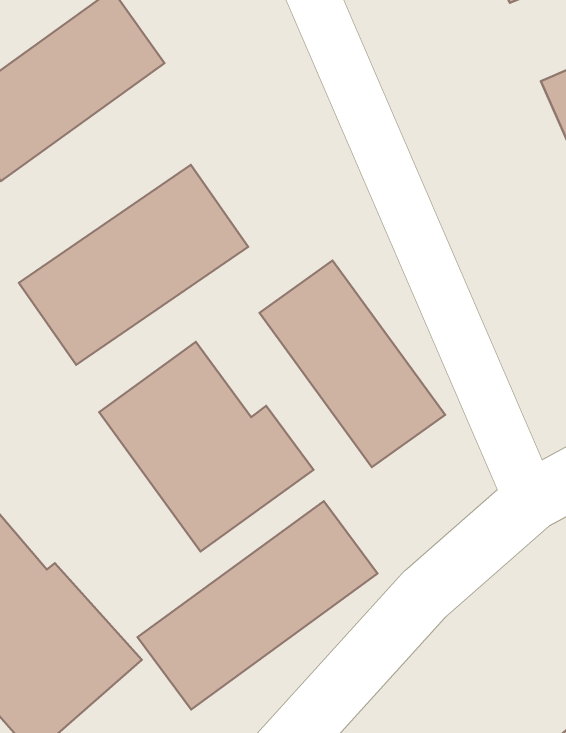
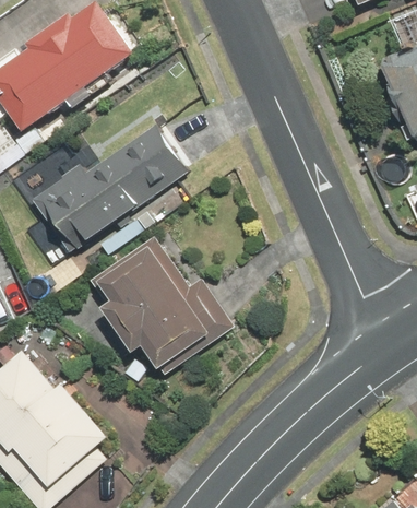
building: [259,260,445,467] -> none
building: [138,501,377,710] -> none

